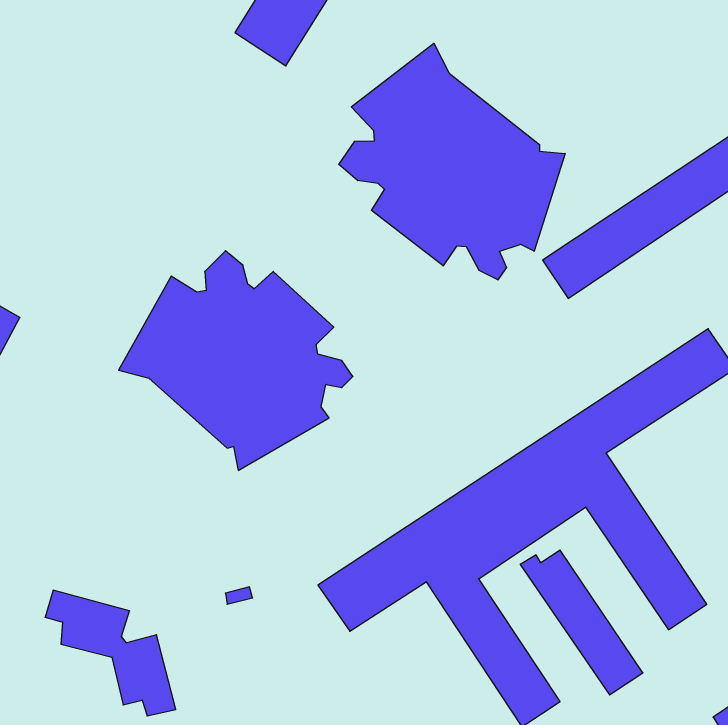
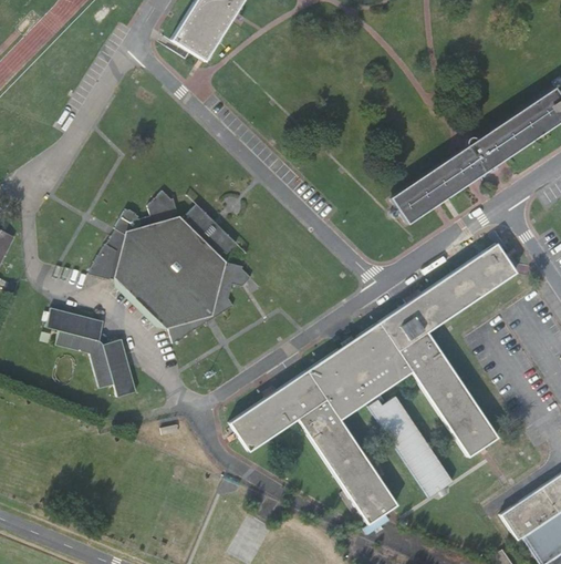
building: [339,43,565,280] -> none
building: [45,590,176,716] -> [45,308,136,396]

